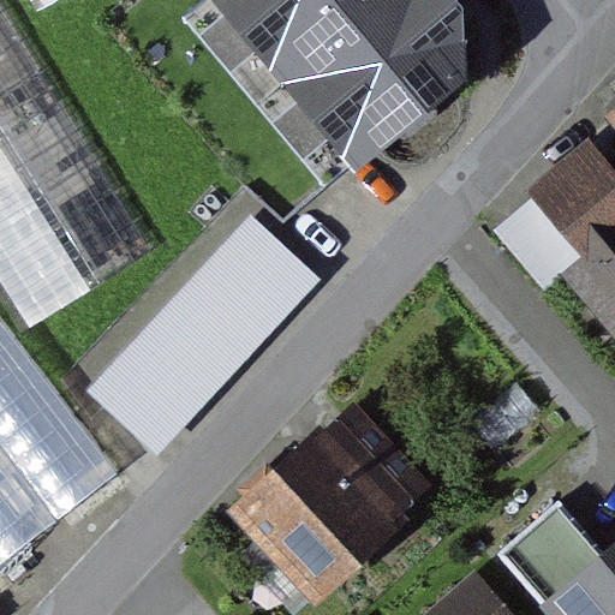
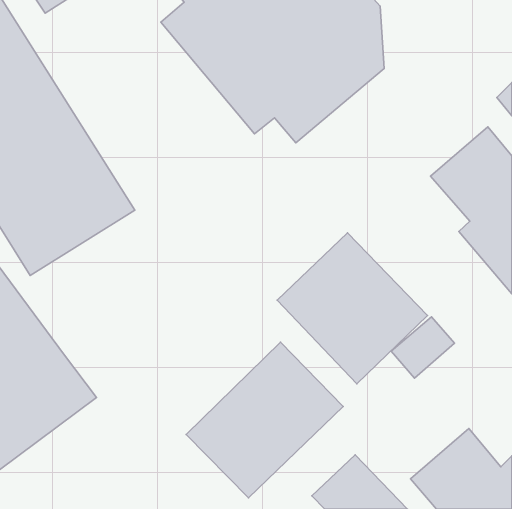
building: [94,215,318,452] -> none
building: none -> [277,233,427,384]

